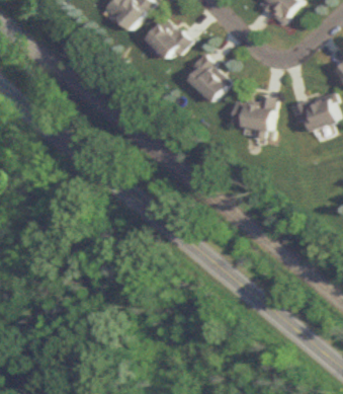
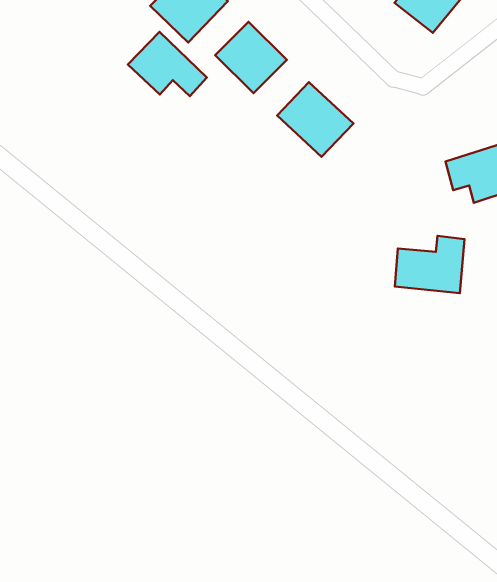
building: none -> [128,32,207,96]
building: [230,95,274,132] -> [395,236,464,293]

